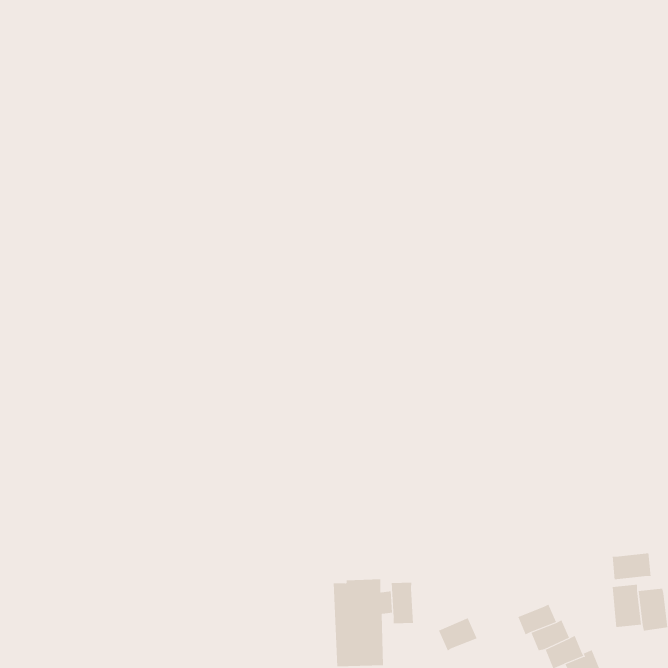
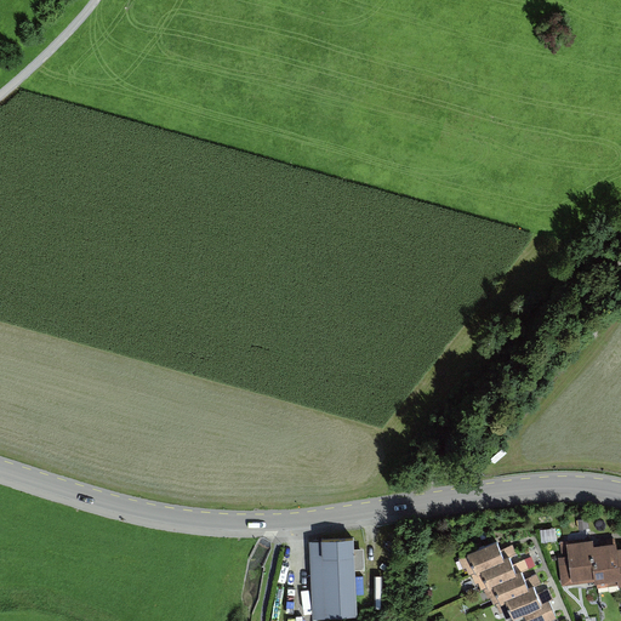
building: [612,552,651,580] -> none
building: [391,582,414,624] -> none
building: [438,618,477,652] -> [467,543,503,575]

